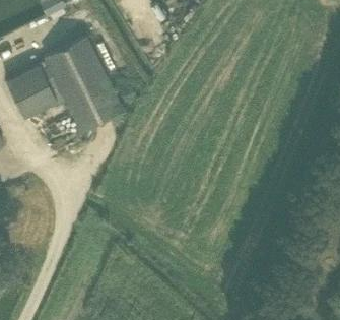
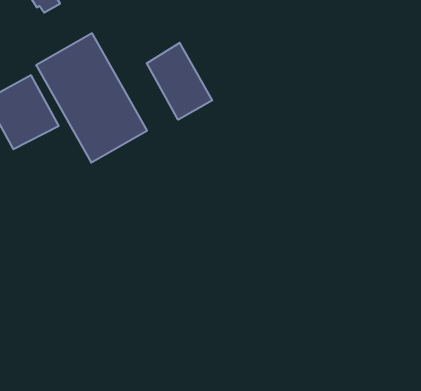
building: none -> [147,43,212,120]

